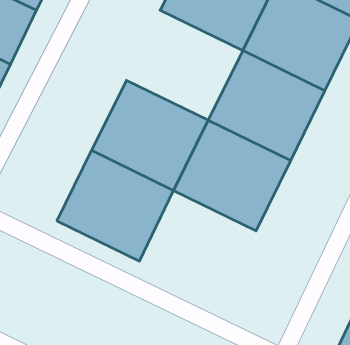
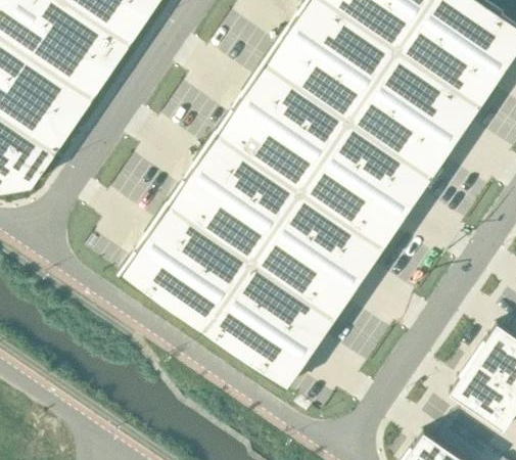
building: none -> [218,61,349,189]
building: none -> [203,261,335,388]

